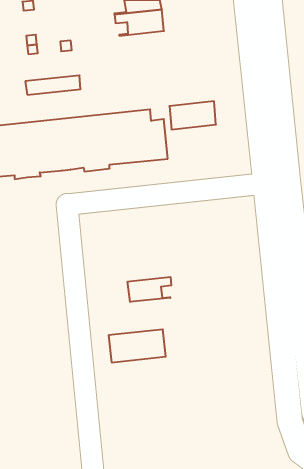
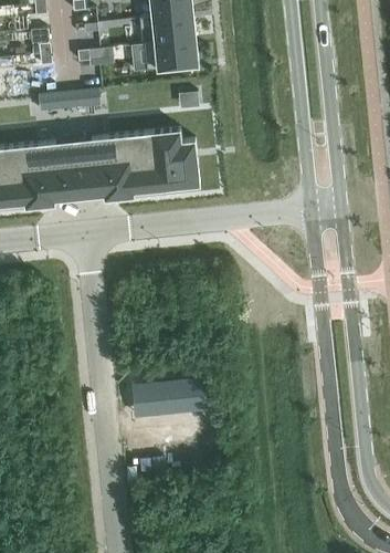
building: [169,101,216,129] -> [145,40,198,72]
building: [128,277,171,302] -> none

